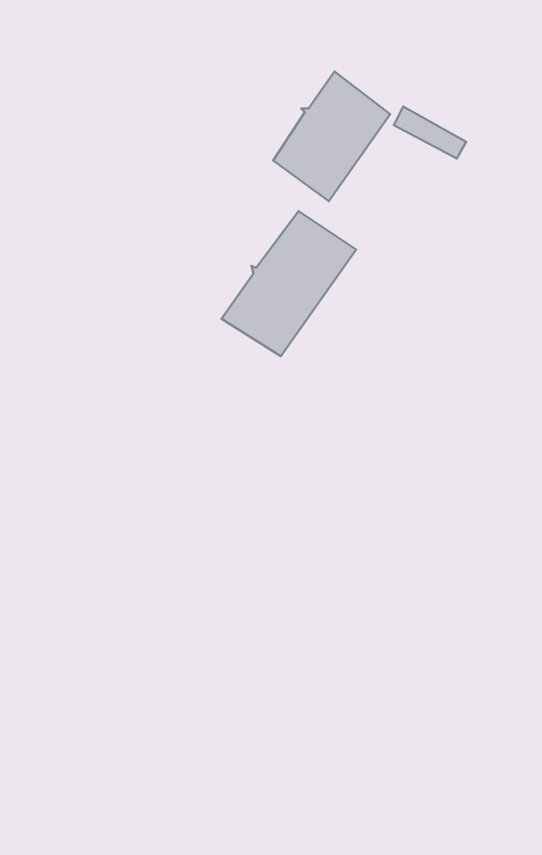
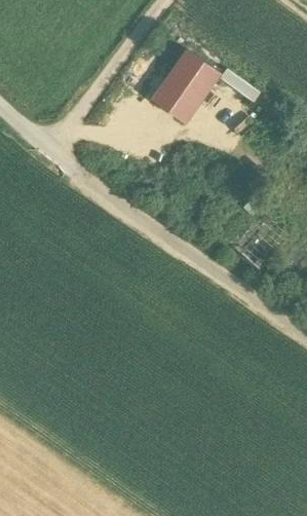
building: [221,211,356,356] -> none

